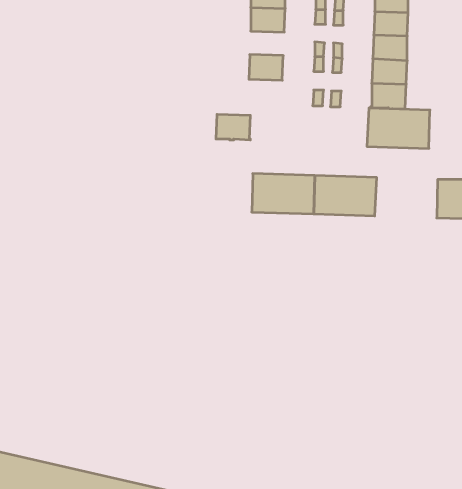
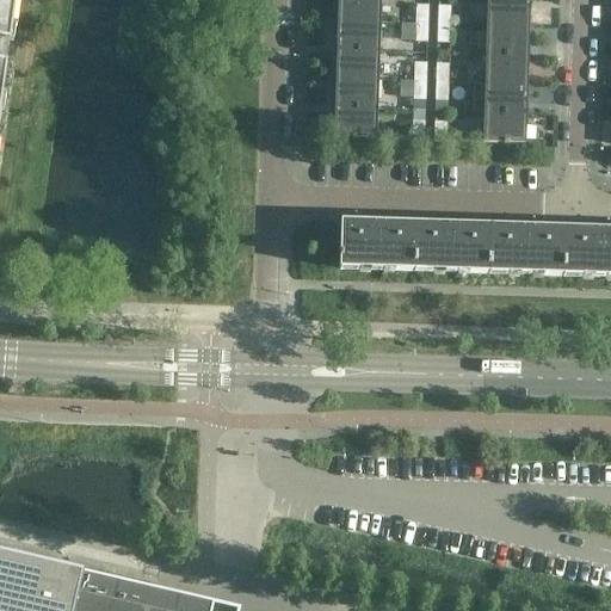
building: none -> [335,43,377,73]
building: [367,108,430,148] -> [487,221,563,270]
building: [216,114,250,140] -> [333,101,375,132]

